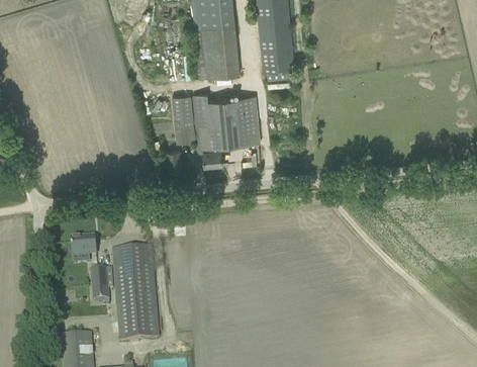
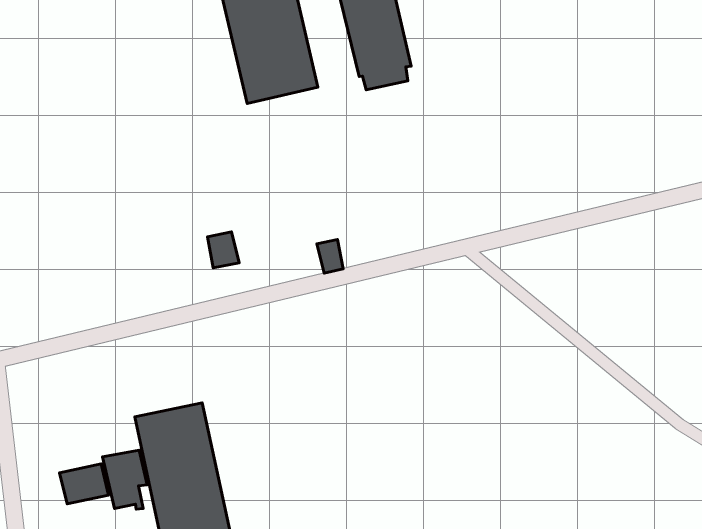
building: [172,92,260,166] -> none
building: [70,235,96,255] -> [59,464,109,504]

